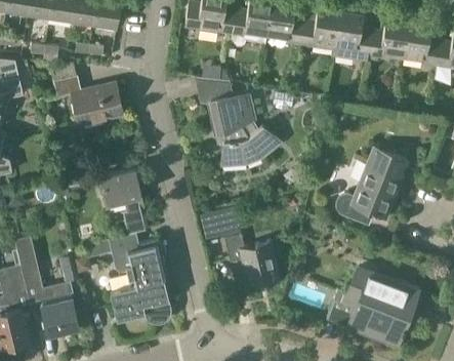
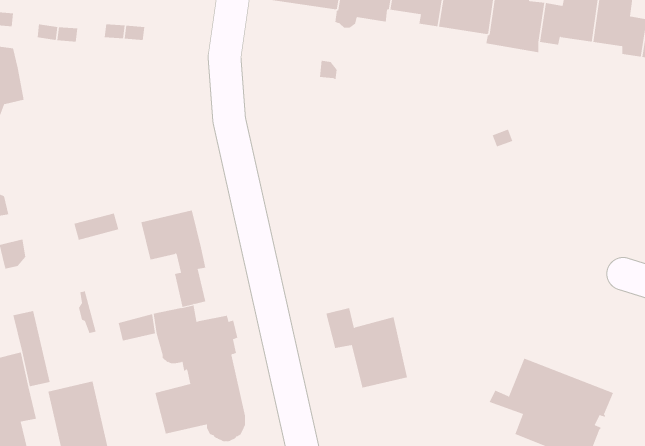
building: [54,77,124,127] -> none
building: [196,80,282,168] -> none
building: [335,149,407,227] -> none
building: [200,207,241,240] -> none

